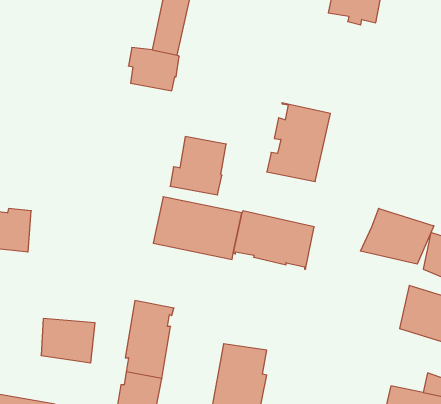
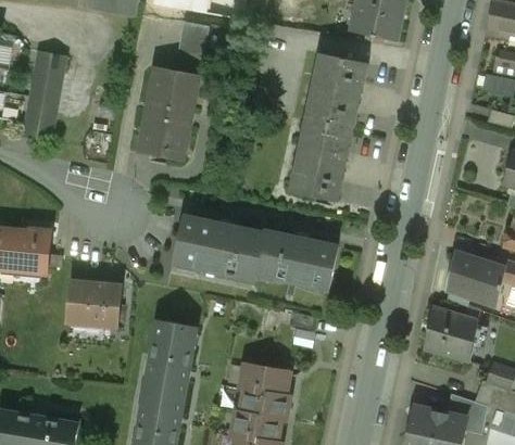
building: none -> [26,53,64,141]
building: none -> [304,53,367,132]
building: [170,137,226,195] -> [137,102,193,161]
building: [360,208,434,264] -> none
building: [41,319,95,363] -> [68,281,123,326]

